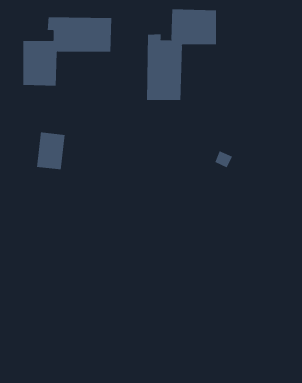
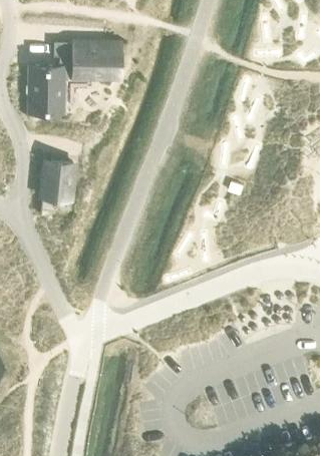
building: [147,9,217,101] -> none

